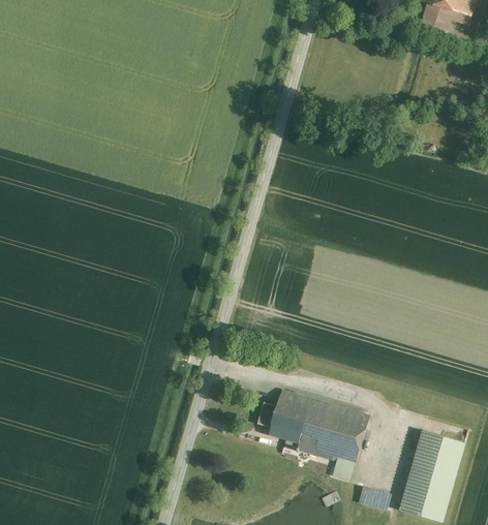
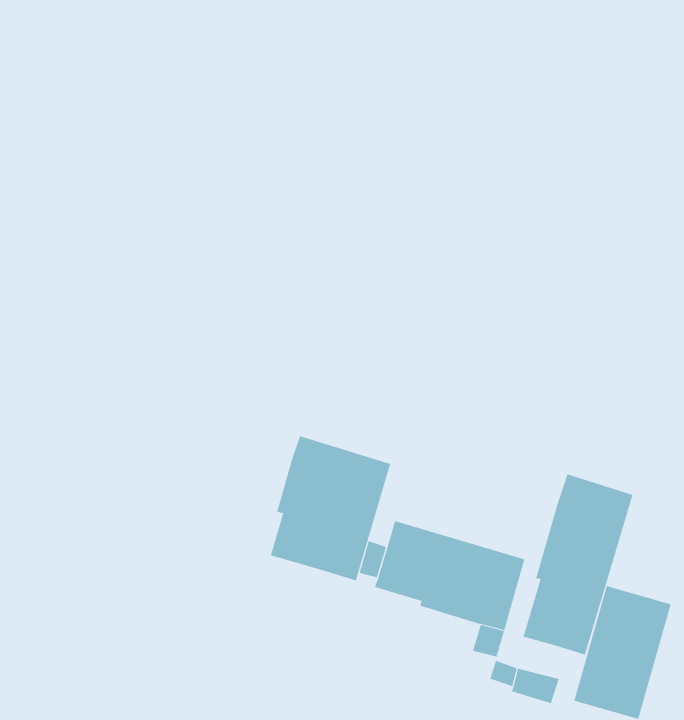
building: none -> [270,435,391,581]
building: none -> [523,474,633,655]

